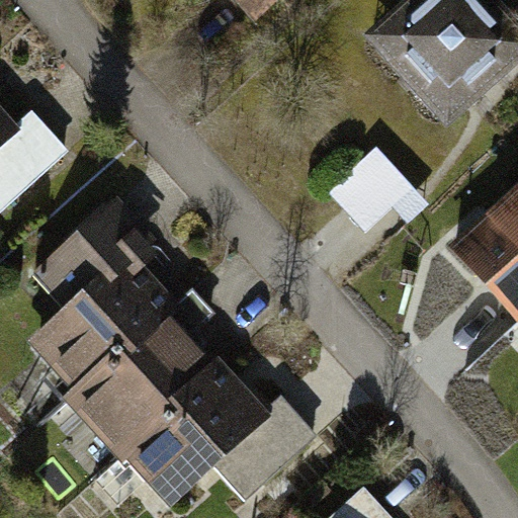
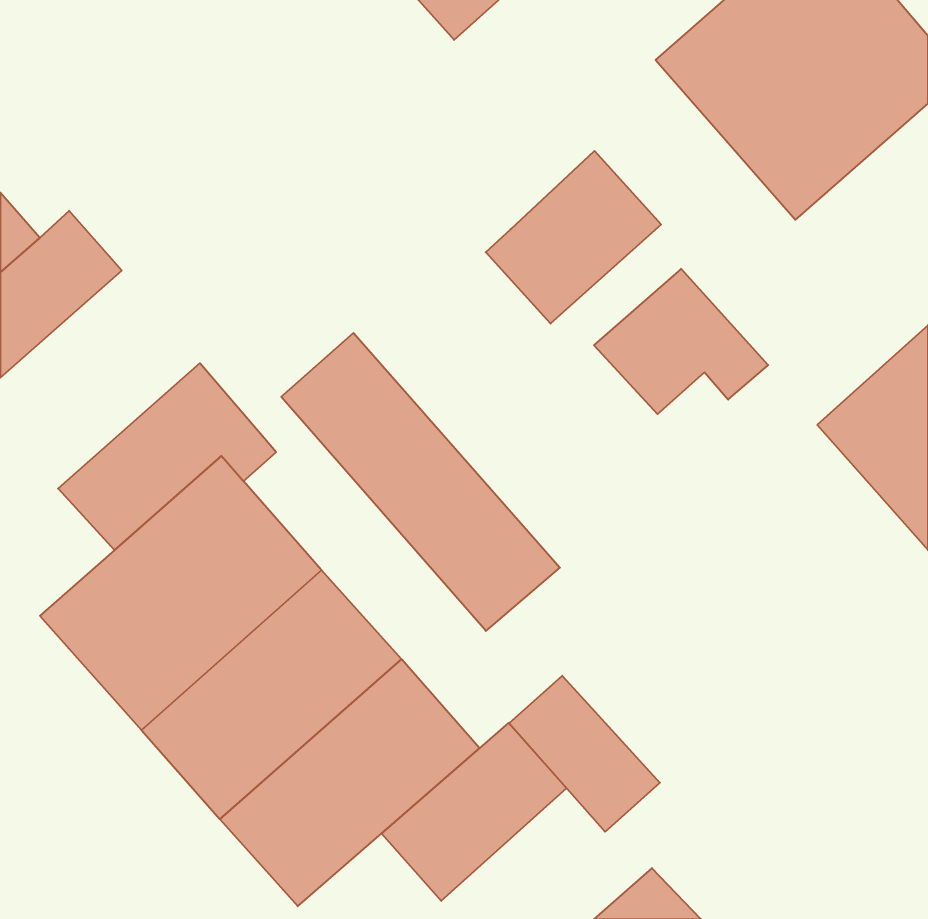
building: none -> [486,151,661,324]
building: none -> [281,333,560,631]
building: none -> [509,676,660,832]

